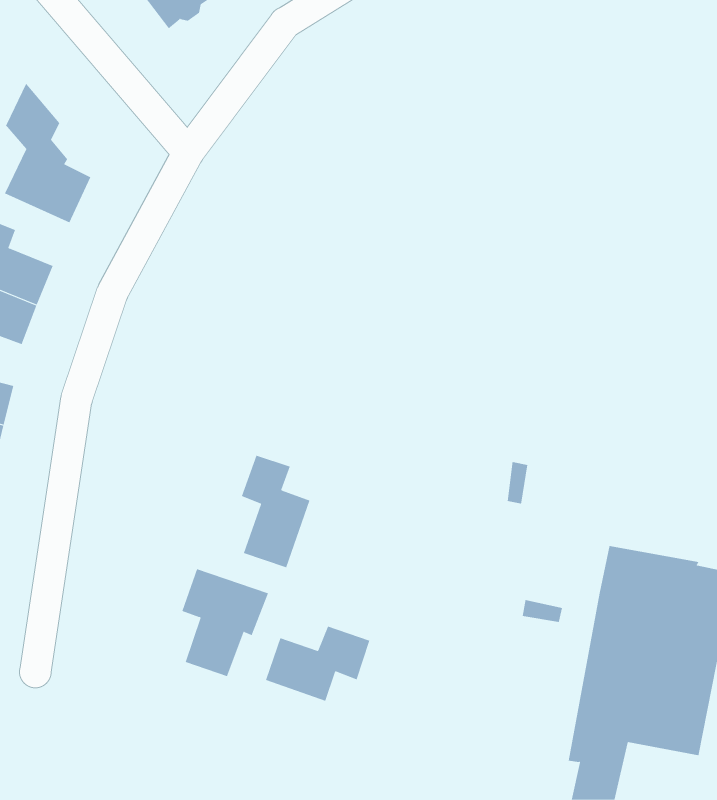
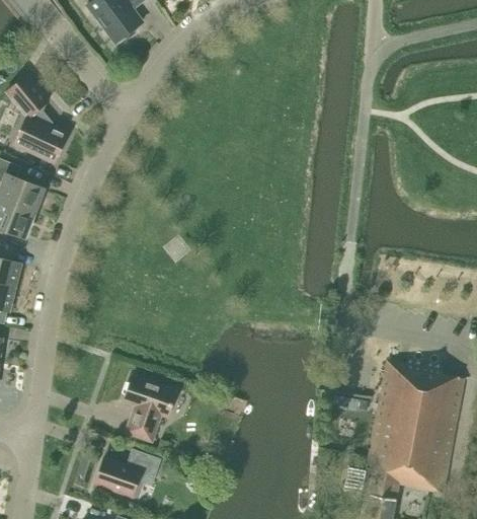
building: [241,455,310,568] -> none
building: [265,626,370,701] -> [95,450,160,497]

